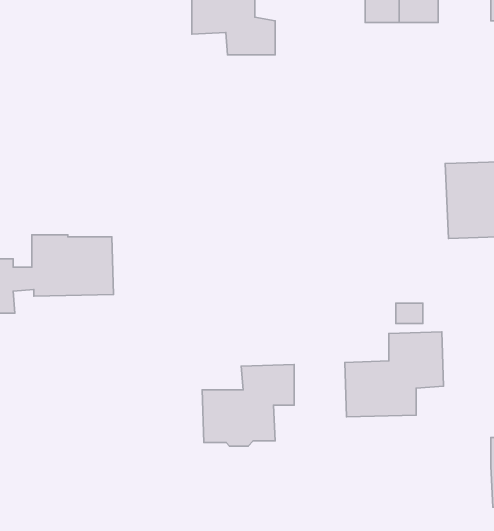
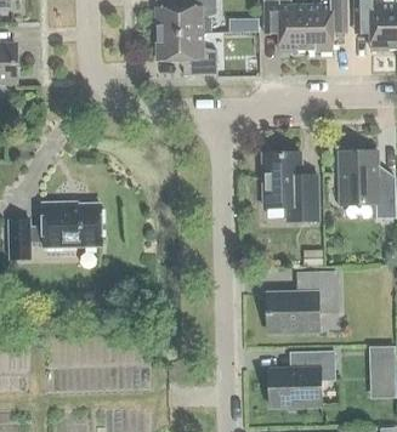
building: none -> [261,152,318,220]
building: [202,364,294,446] -> [268,349,334,408]

